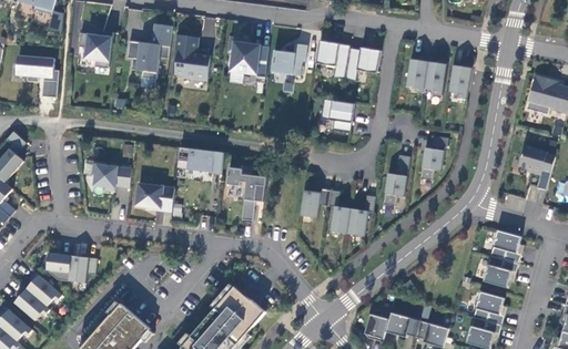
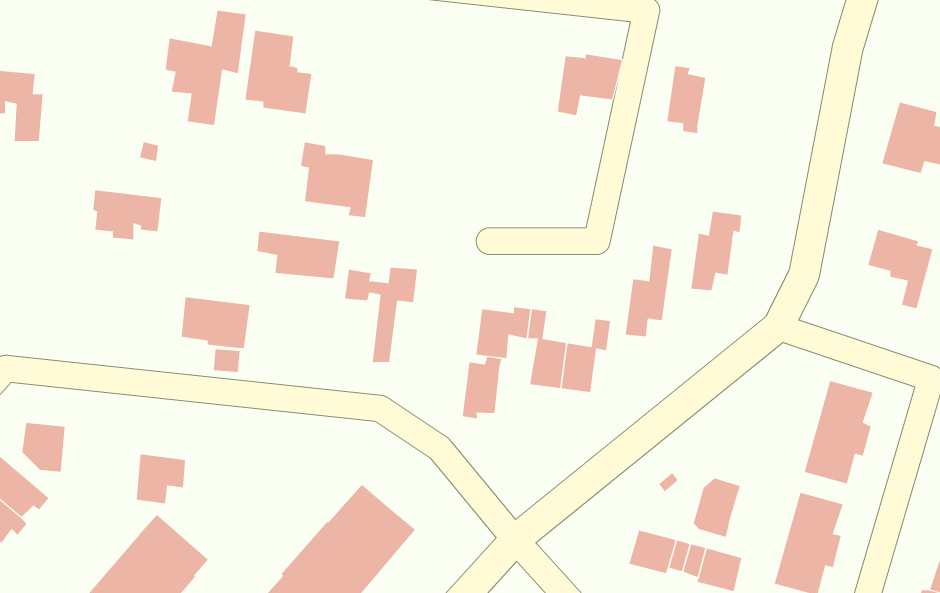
building: [78,30,113,68] -> none
building: [226,37,267,79] -> [300,142,374,218]
building: [315,40,351,80] -> none
building: [270,43,305,75] -> none
building: [424,58,447,95] -> none
building: [448,61,473,99] -> none
building: [321,99,354,132] -> none
building: [92,163,131,191] -> [92,190,162,240]
building: none -> [462,356,502,419]
building: [69,255,97,283] -> [136,454,186,504]
building: [364,308,390,341] -> [693,478,741,538]

